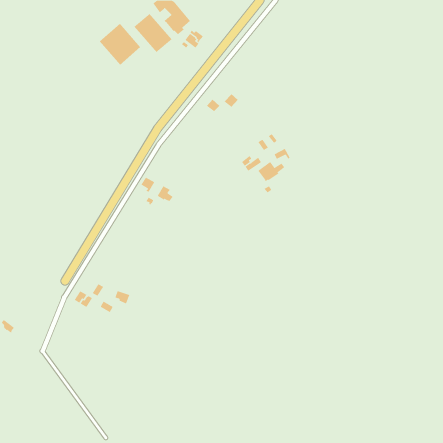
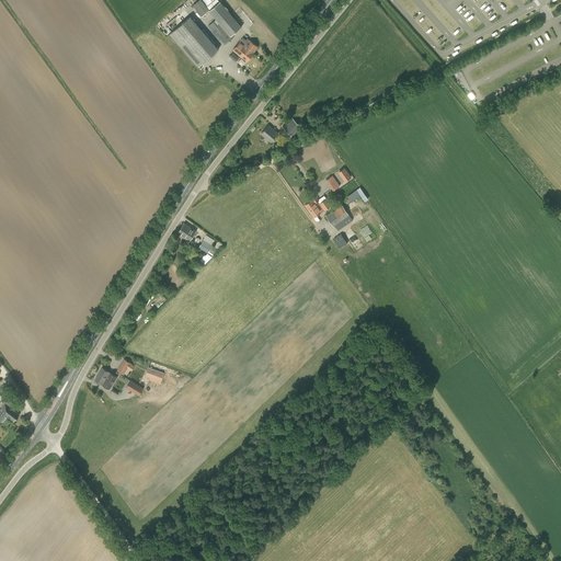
building: [99,23,141,66] -> none

